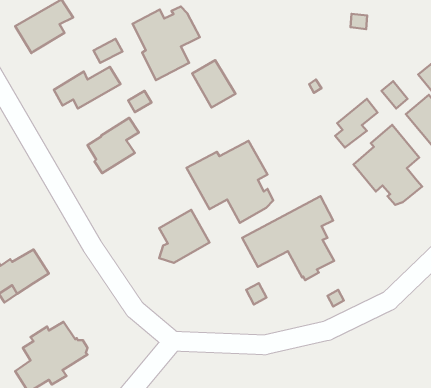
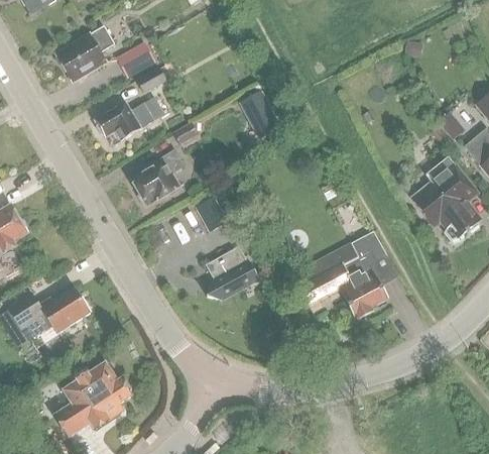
building: [133,7,200,80] -> none
building: none -> [116,40,154,77]
building: [335,99,377,147] -> none
building: [186,141,273,223] -> none
building: none -> [194,197,227,232]

